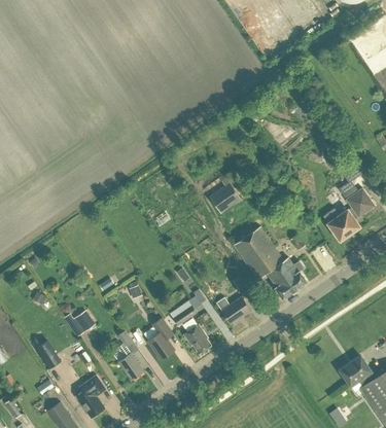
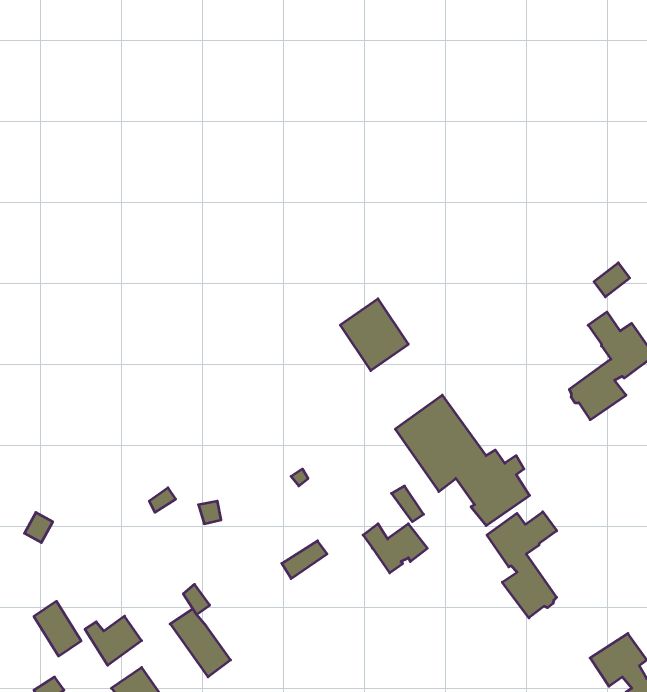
building: none -> [487,512,557,618]
building: [64,310,95,336] -> [85,616,142,665]
building: [147,317,175,359] -> none
building: [183,323,211,353] -> none

